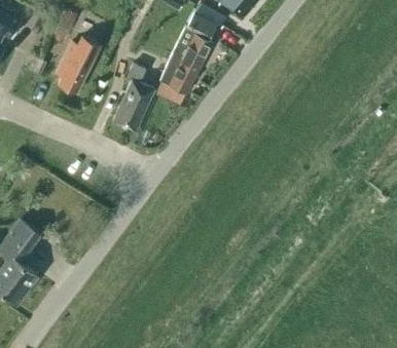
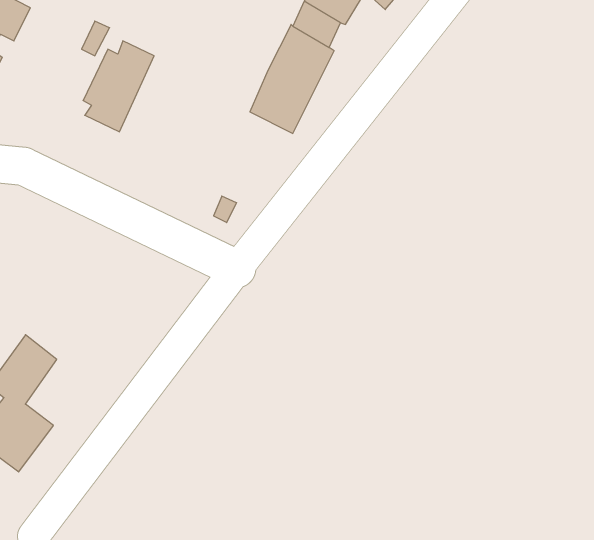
building: [110,65,154,134] -> none

